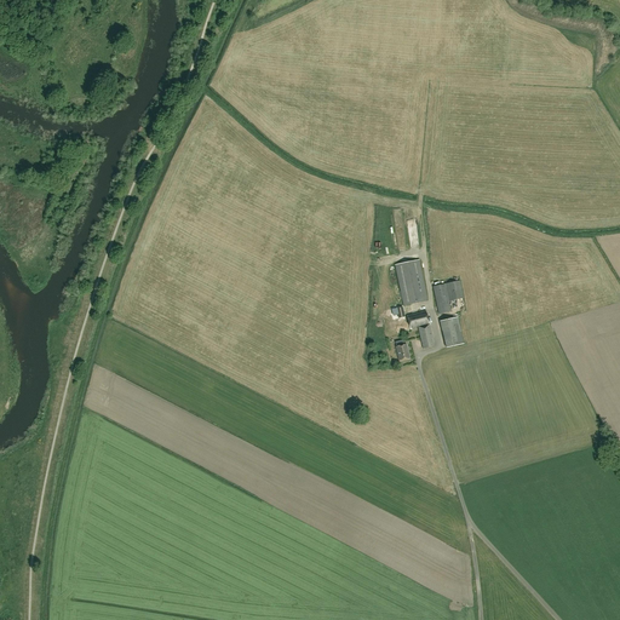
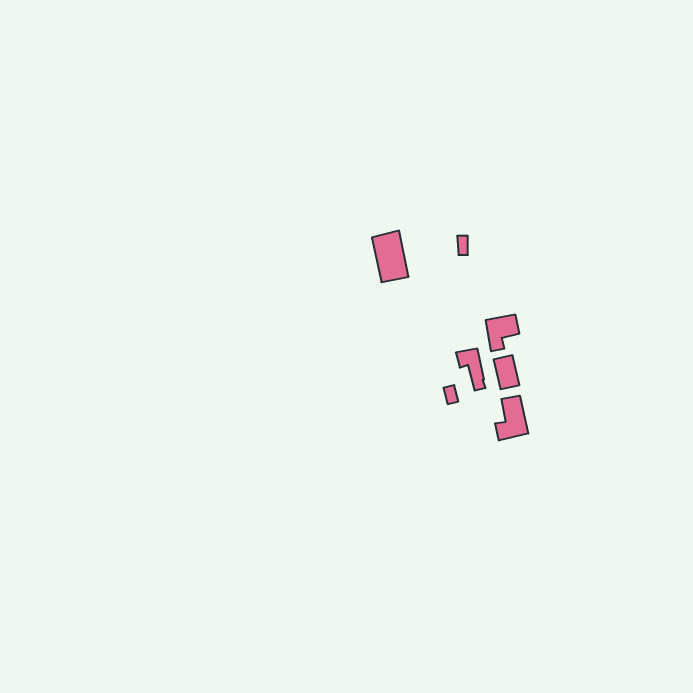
building: [395,259,427,305] -> [372,231,409,282]
building: none -> [495,396,528,441]

